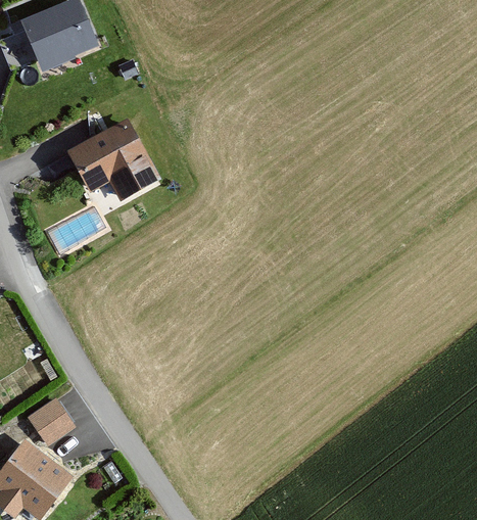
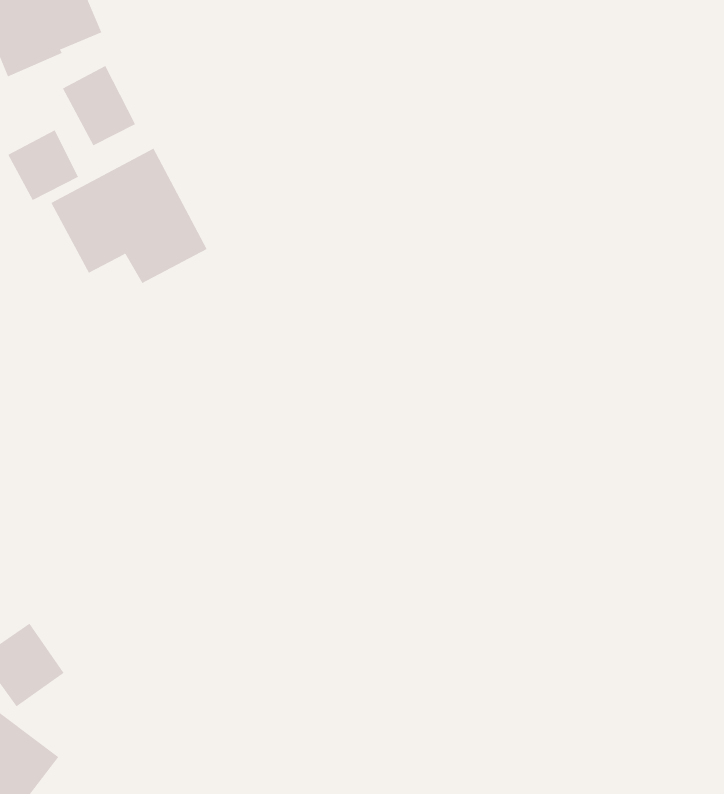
building: none -> [62,65,136,146]
building: none -> [8,130,79,201]

